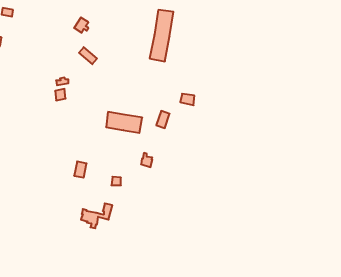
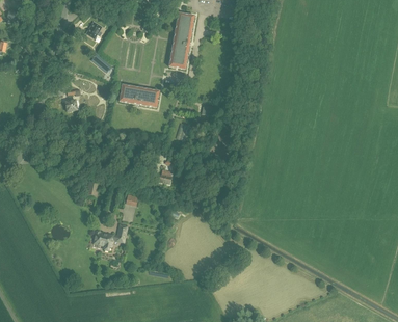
building: [106,112,142,133] -> [120,84,159,107]

